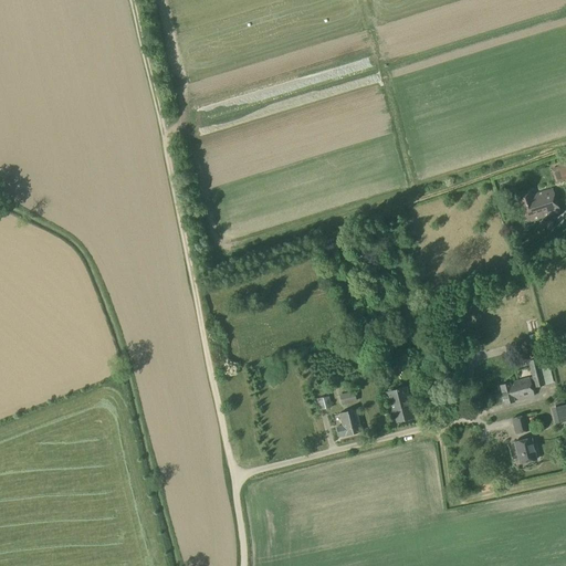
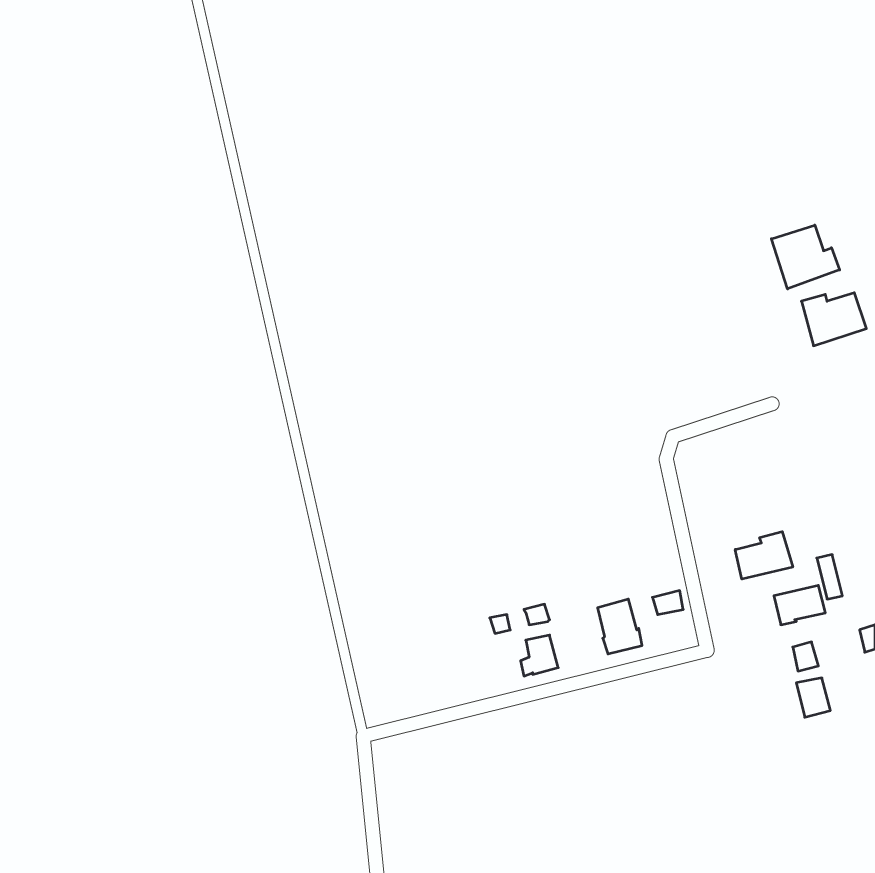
building: none -> [771,225,840,289]
building: none -> [735,532,793,579]

